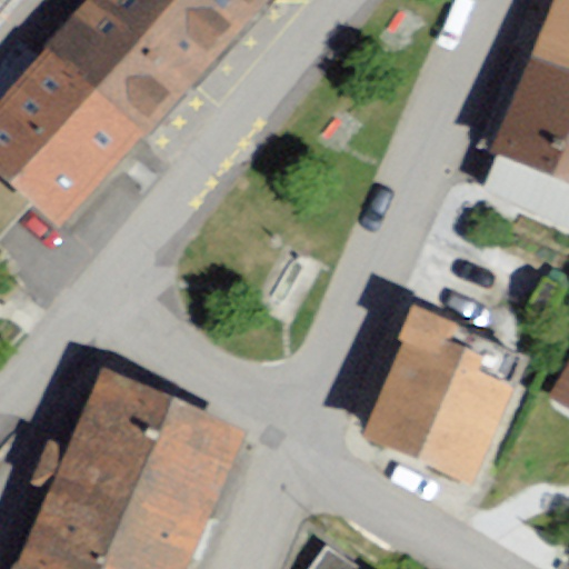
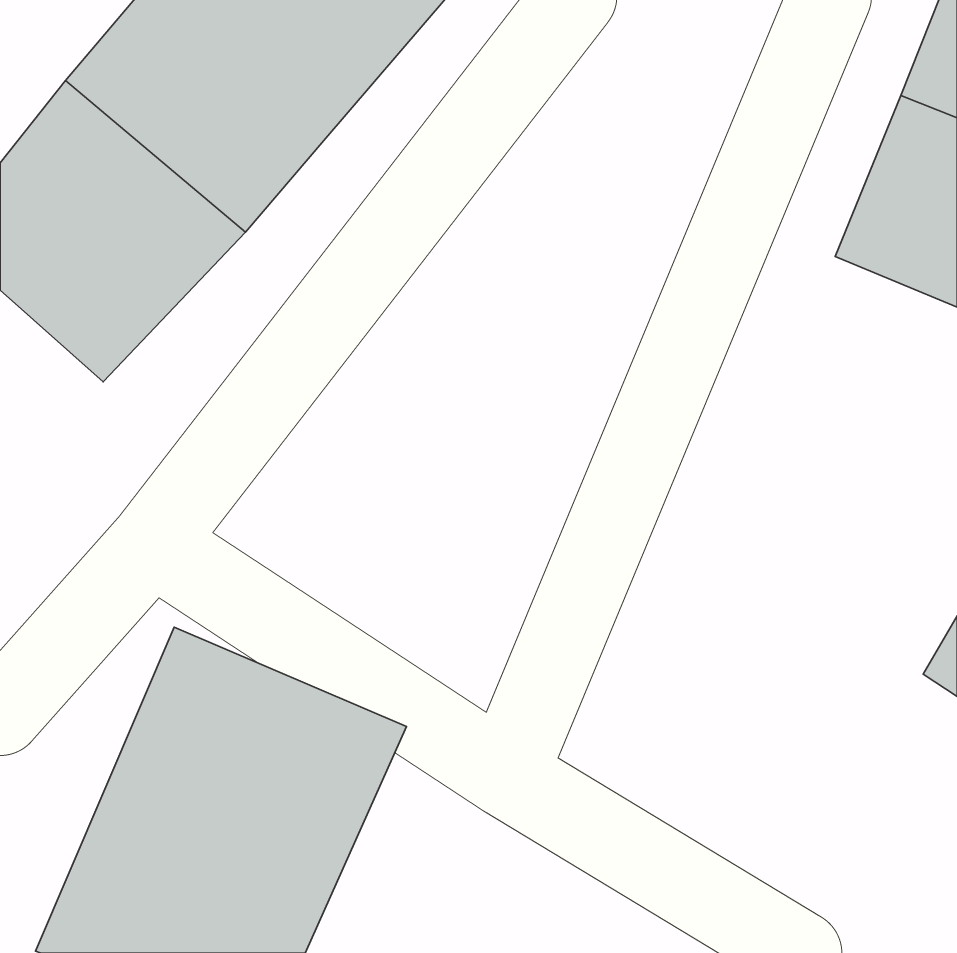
building: [363,308,515,480] -> none

